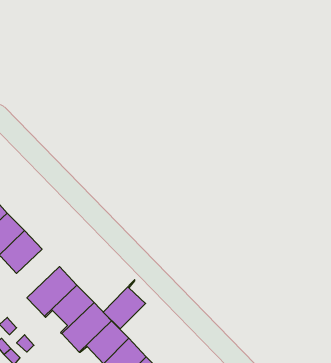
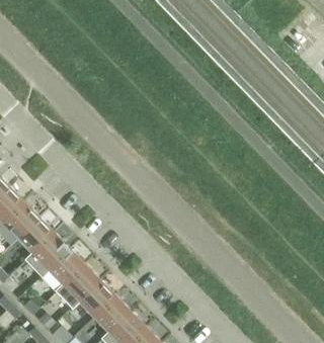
building: none -> [18,219,56,261]
building: [103,280,146,329] -> none

